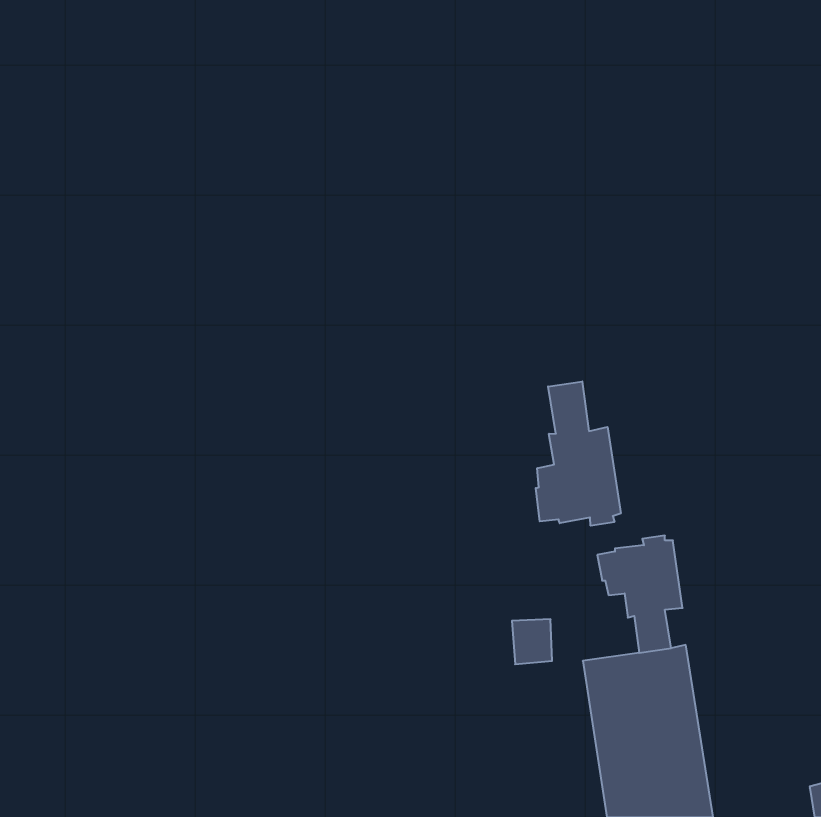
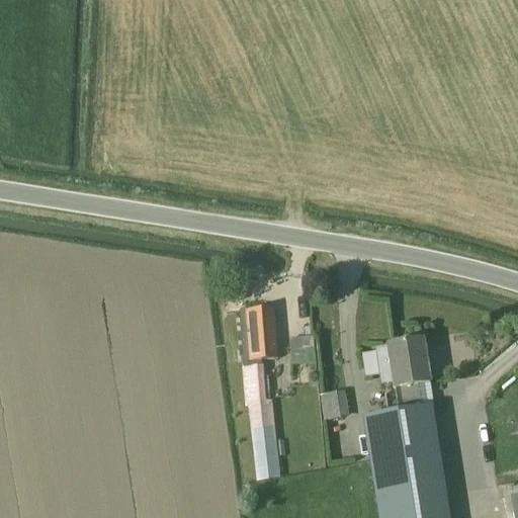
building: [536,381,621,526] -> none
building: none -> [240,308,280,481]

